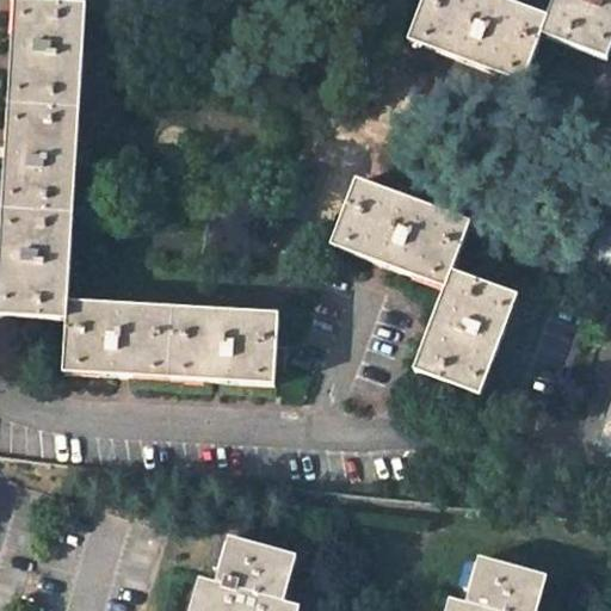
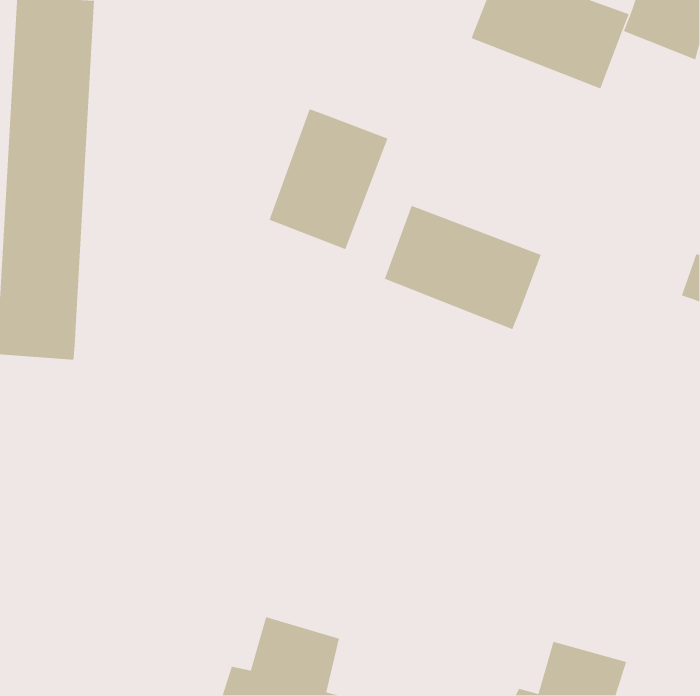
building: none -> [269,108,388,250]
building: [415,269,516,394] -> none
building: [62,300,278,382] -> none

